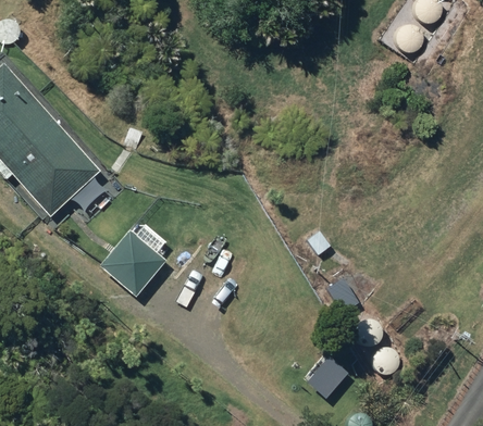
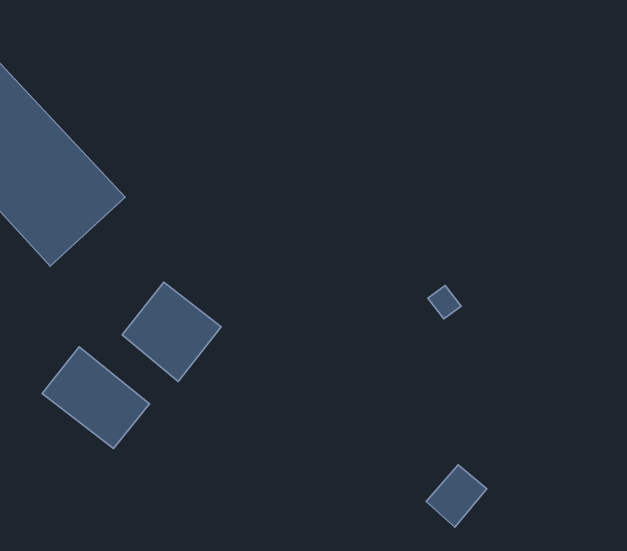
building: none -> [42,347,149,448]

